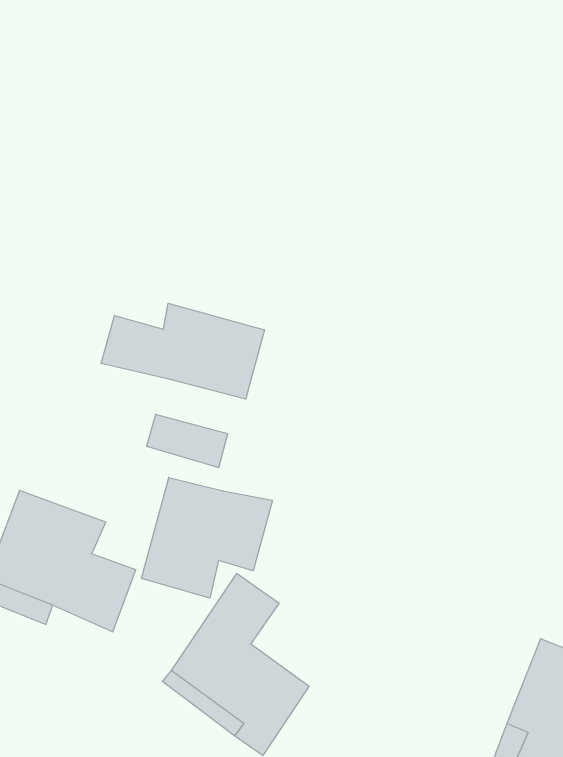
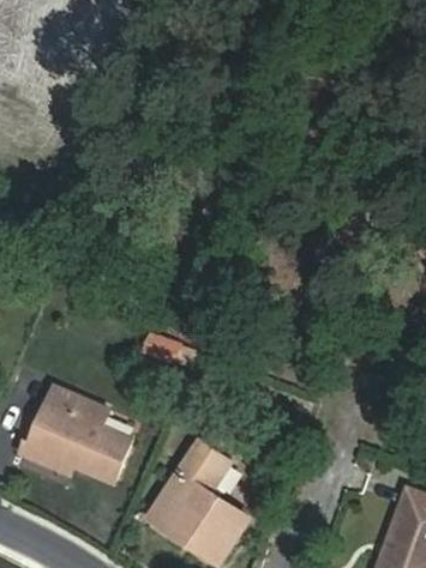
building: [101,303,264,399] -> none
building: [142,477,272,598] -> none

